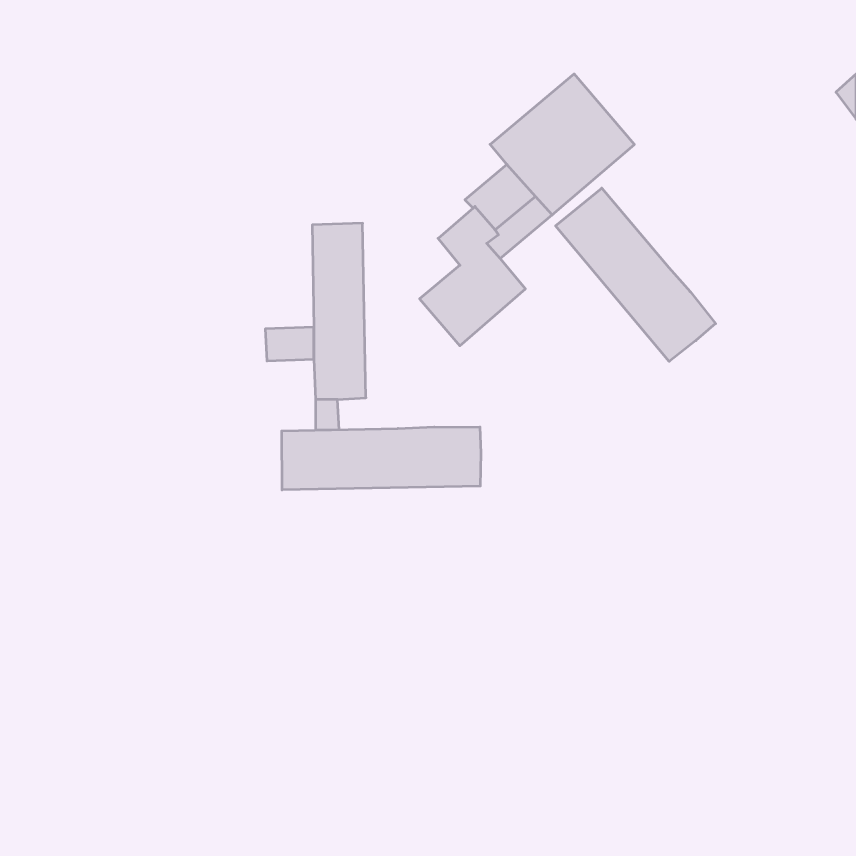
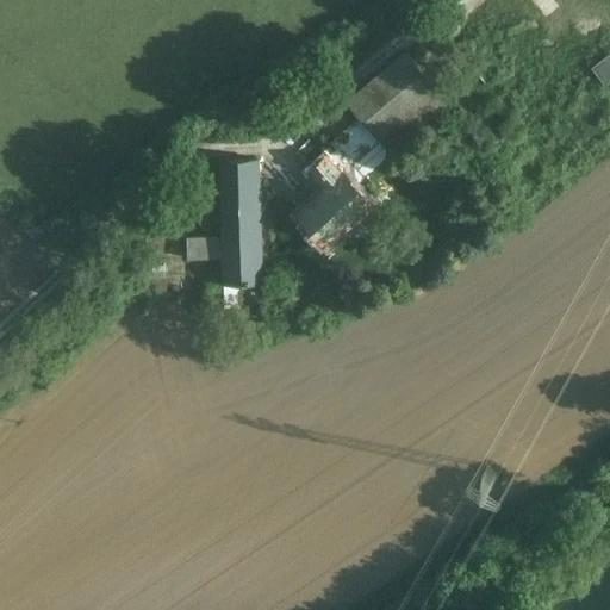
building: [556,188,716,361] -> none
building: [282,427,481,490] -> none

